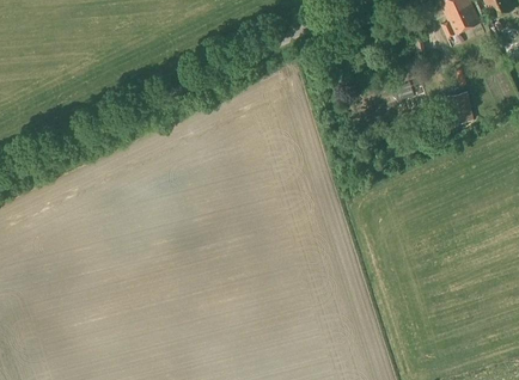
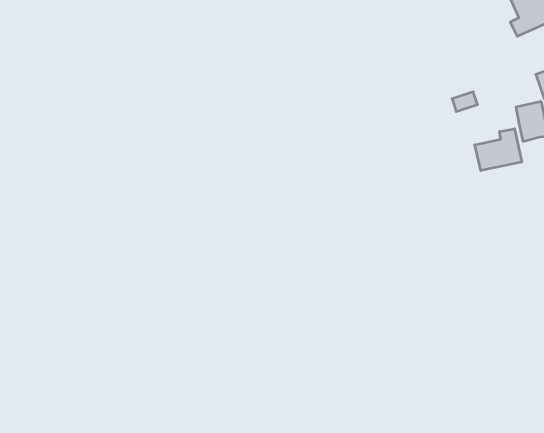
building: none -> [475,129,522,171]

